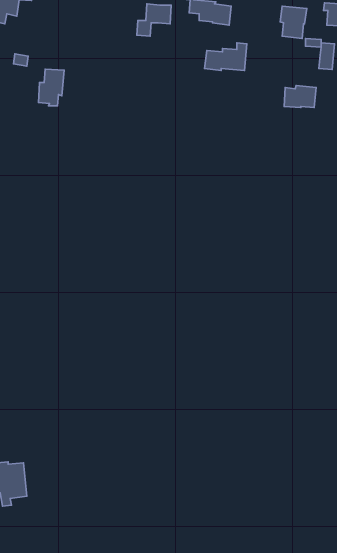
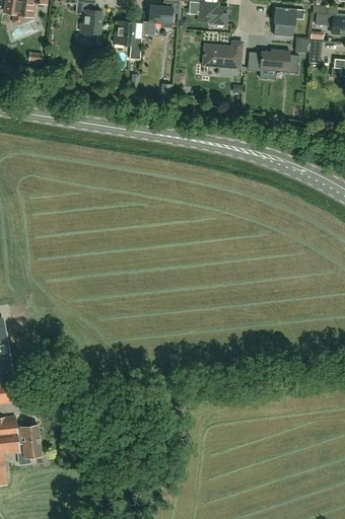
building: none -> [118,20,142,59]
building: [38,69,64,106] -> [79,9,102,43]
building: [284,85,316,108] -> [261,49,290,69]

